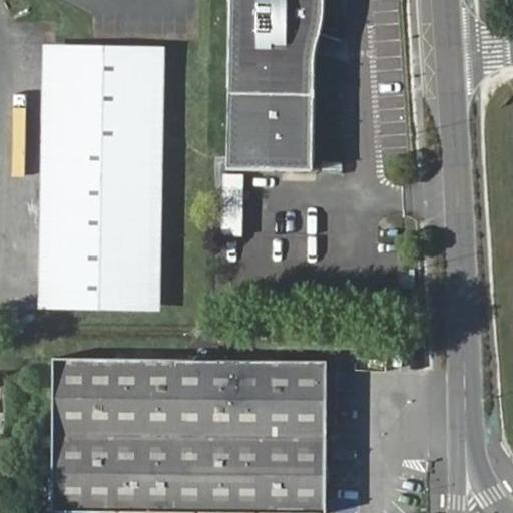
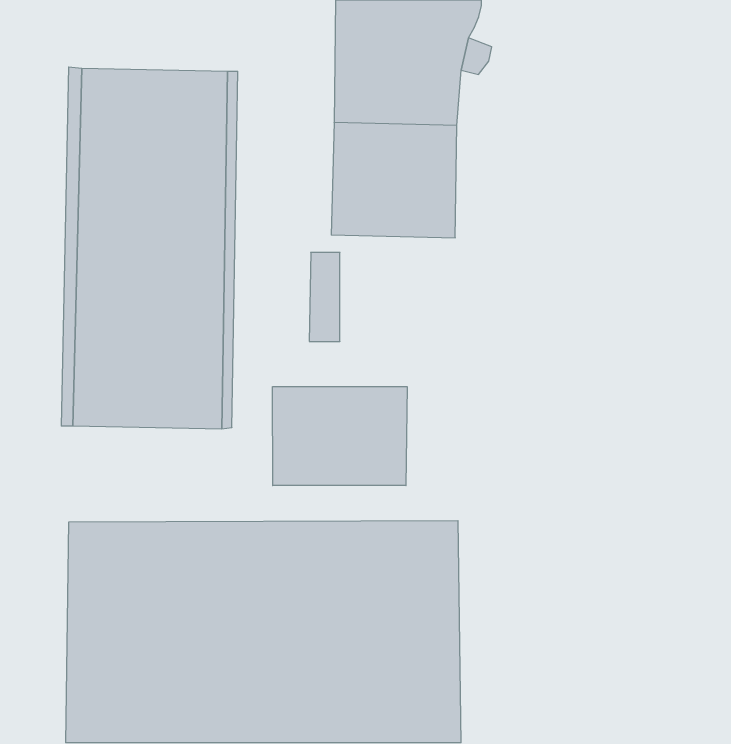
building: none -> [273,387,407,486]

